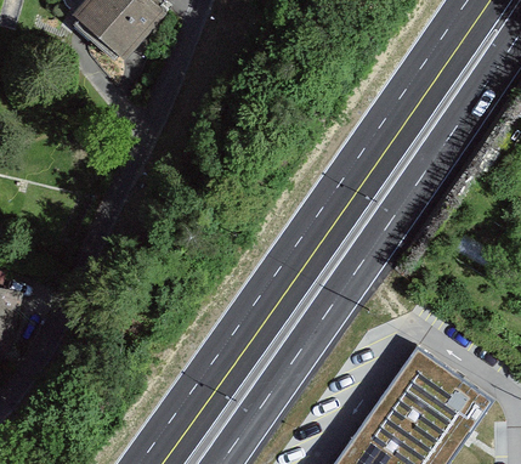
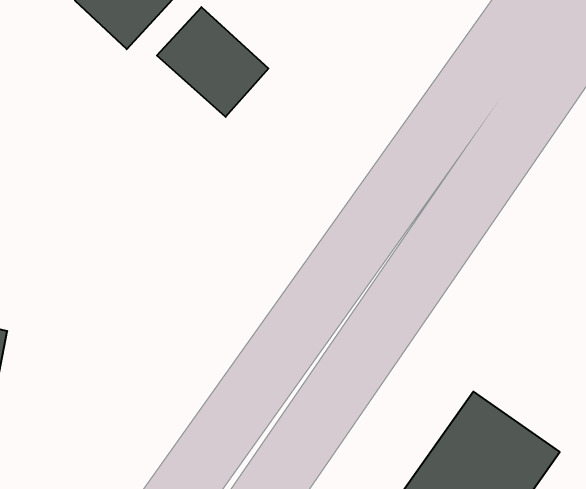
building: none -> [157,7,268,117]

